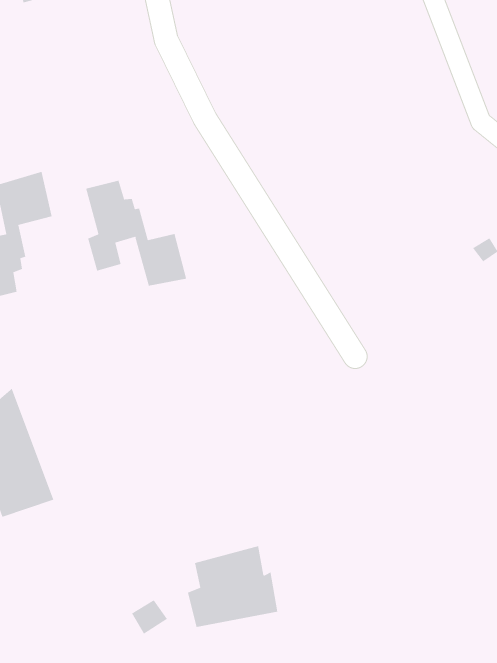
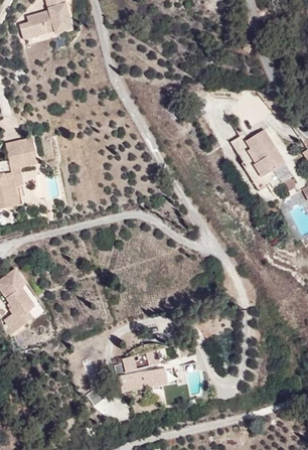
building: none -> [243,125,286,178]
building: [86,180,187,286] -> none

